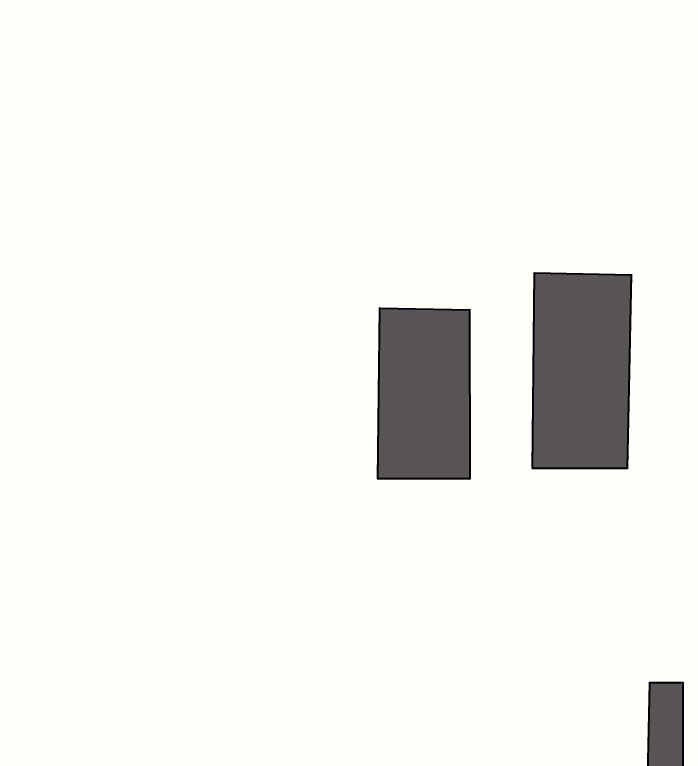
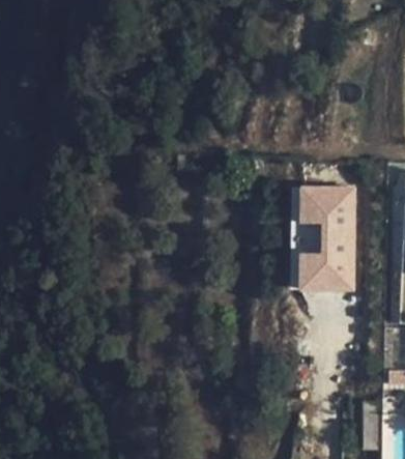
building: [378,308,470,479] -> none

